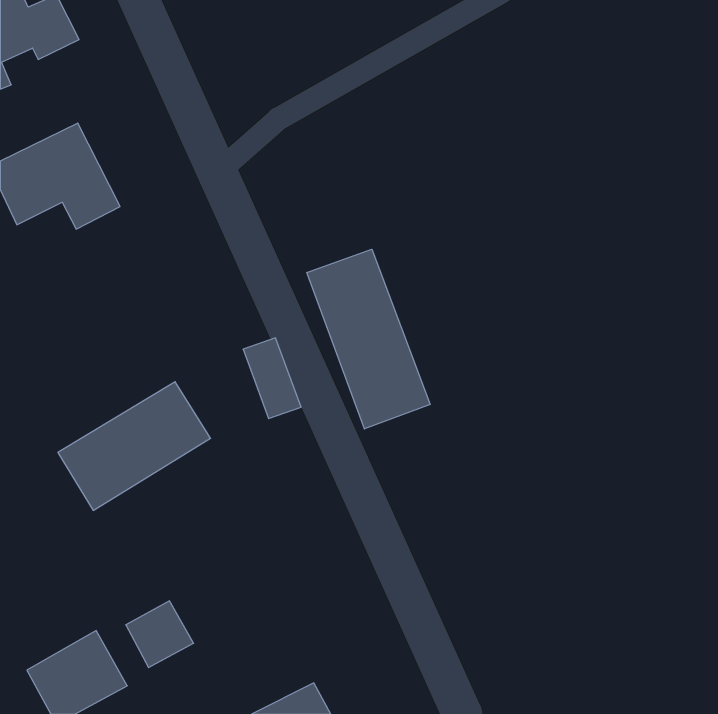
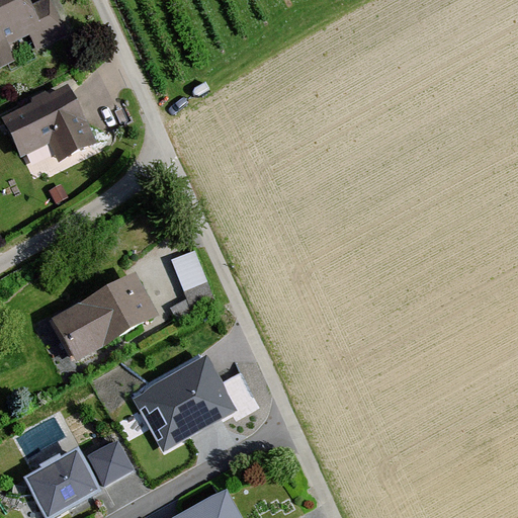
building: [307,249,430,429] -> none
building: none -> [136,354,240,448]

